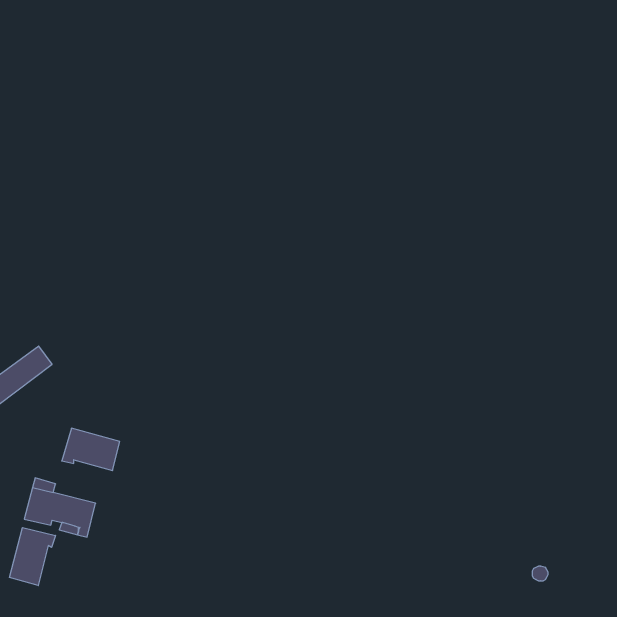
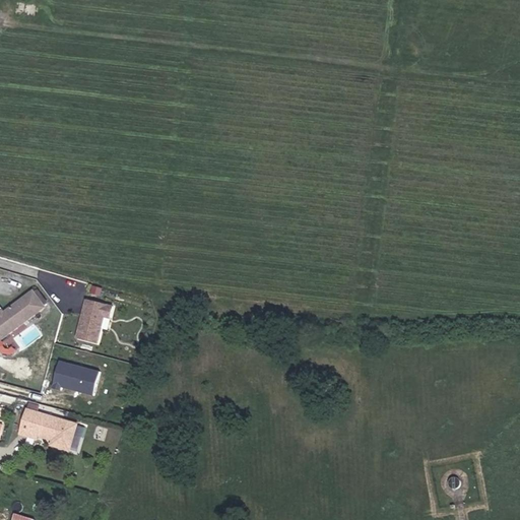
building: none -> [75,300,110,342]
building: [10,528,55,586] -> none

